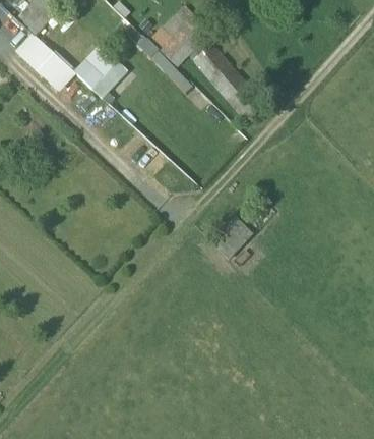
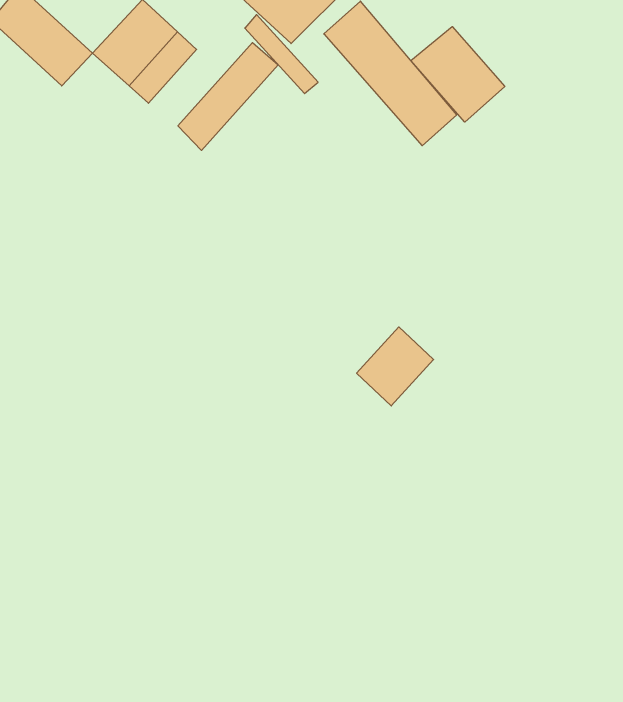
building: none -> [411,27,505,122]
building: none -> [178,43,278,150]

